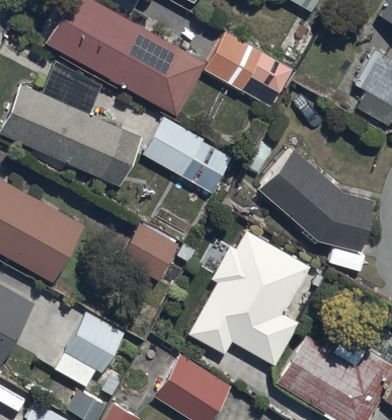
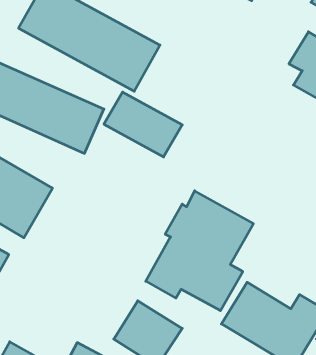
building: [205,32,293,108] -> none
building: [257,148,376,253] -> none
building: [121,223,180,282] -> none
building: [64,310,126,372] -> none

